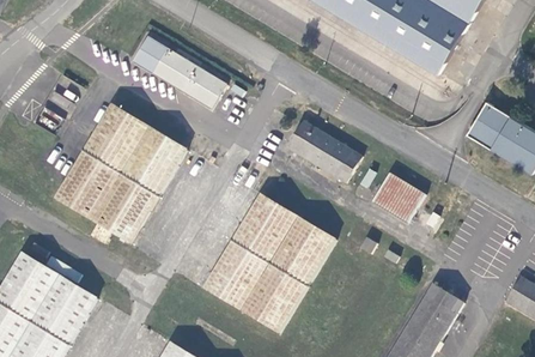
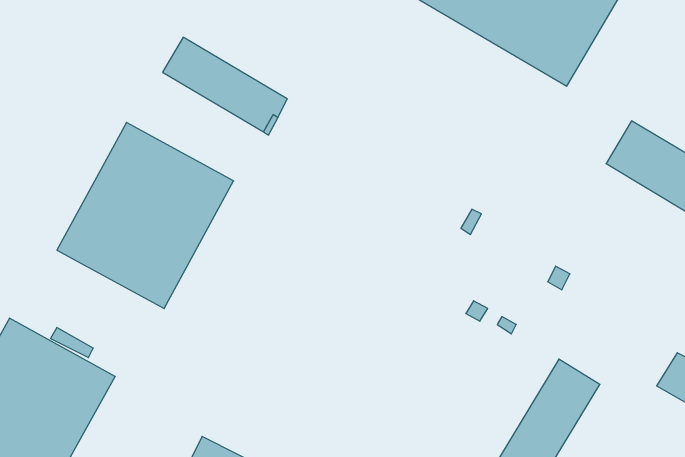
building: [288,121,363,182] -> none
building: [373,173,426,223] -> none
building: [200,192,334,333] -> none

